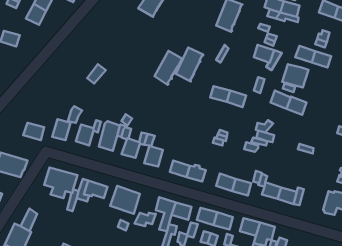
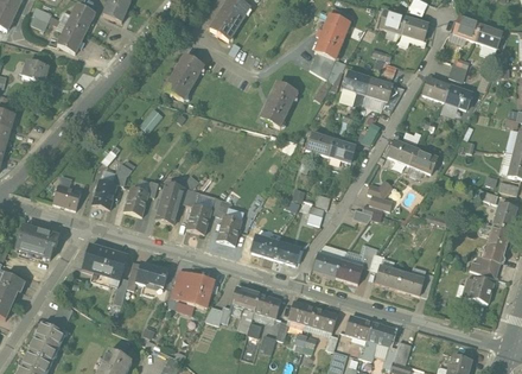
building: none -> [343,72,370,107]
building: [154,51,183,85] -> [165,53,203,100]
building: [282,64,309,88] -> none

